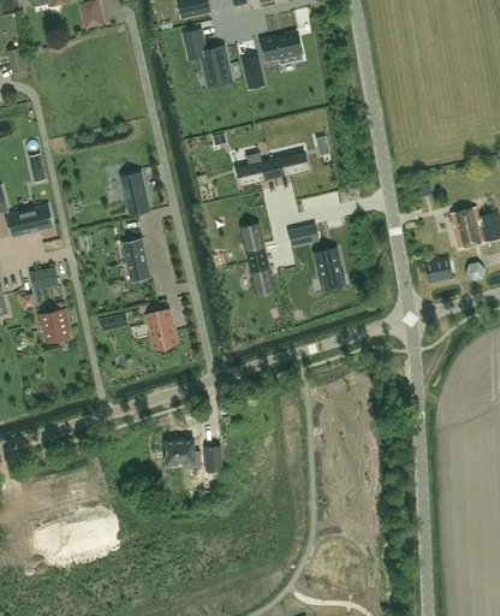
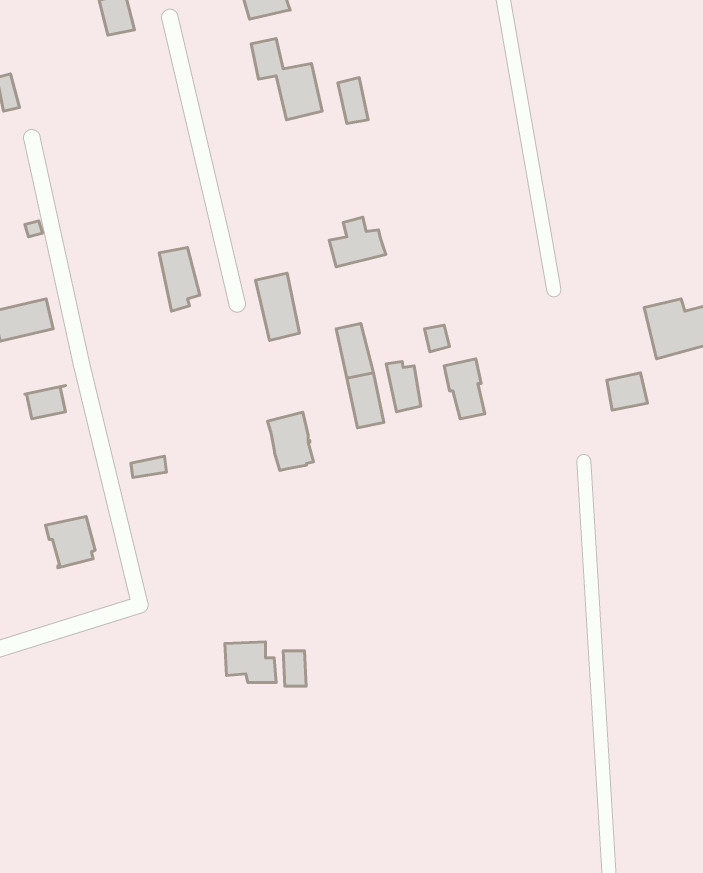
building: [262,31,302,60] -> none
building: [270,152,308,176] -> none
building: [121,237,151,283] -> [255,273,300,340]
building: none -> [386,362,421,412]
building: [37,308,71,343] -> [46,516,95,568]
building: [145,309,177,349] -> [268,412,314,471]

